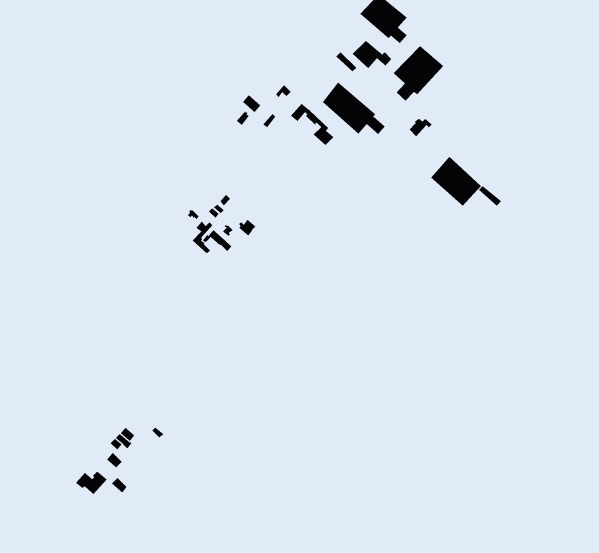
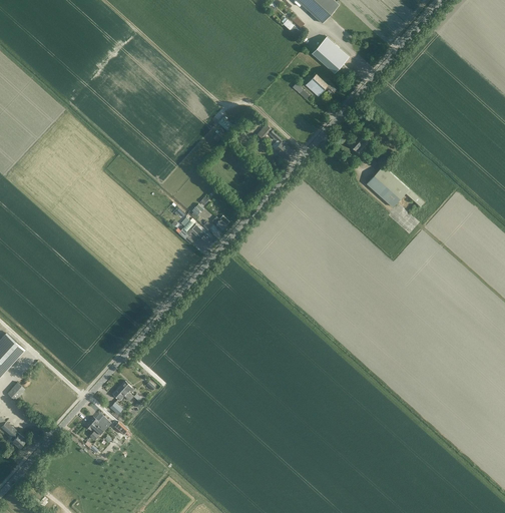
building: [393,45,444,101] -> none
building: [322,81,385,135] -> none

